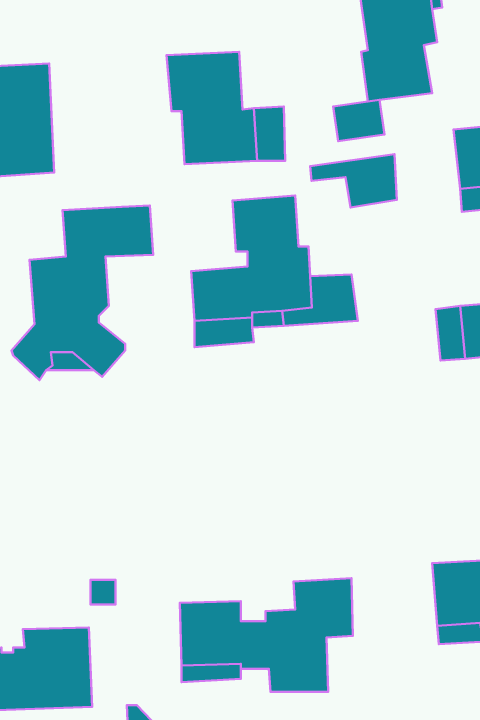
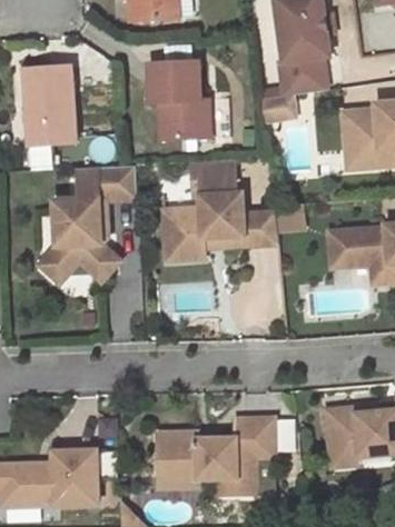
building: [310,154,397,208] -> none

